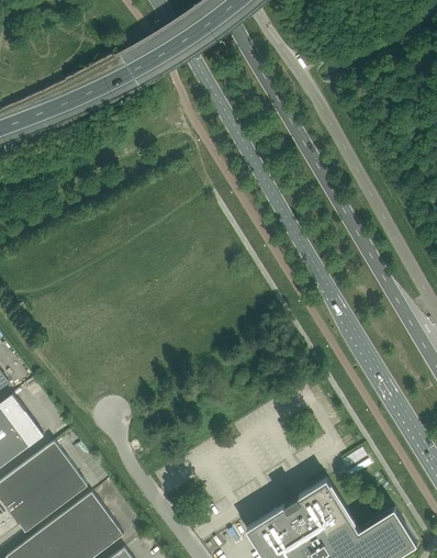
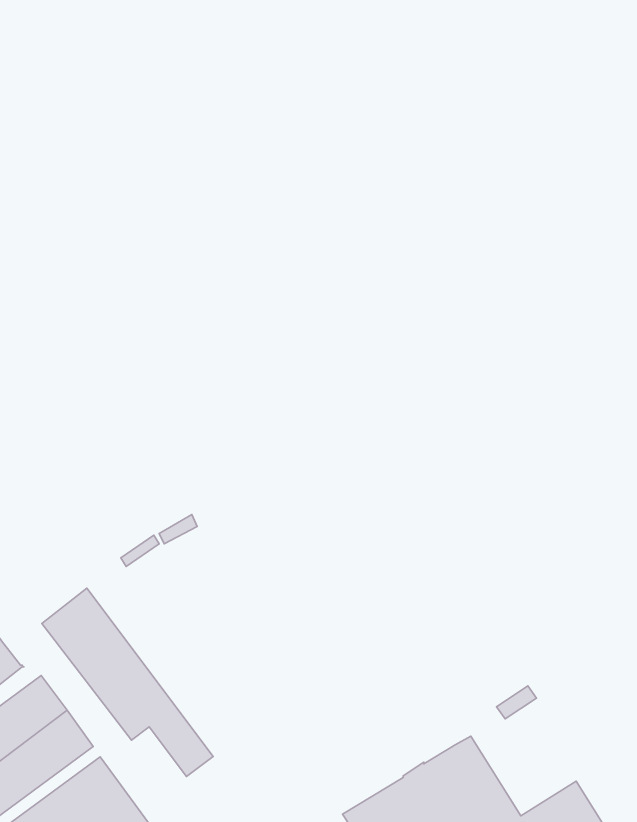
building: none -> [42,588,213,776]

